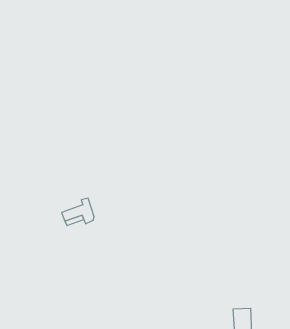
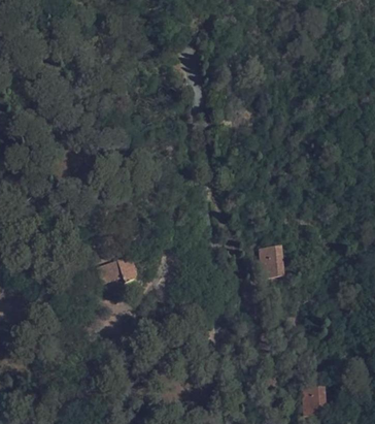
building: none -> [259,247,283,278]

